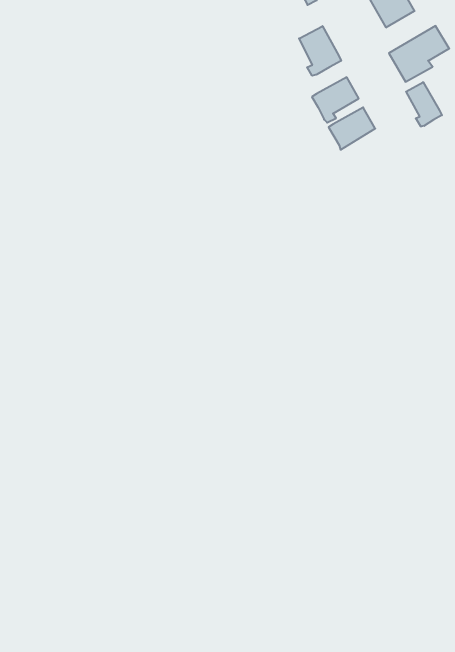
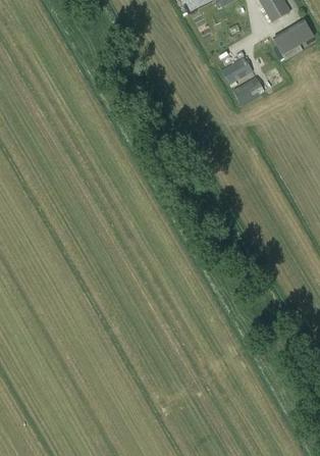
building: [299,26,341,76] -> none
building: [406,82,442,127] -> none

